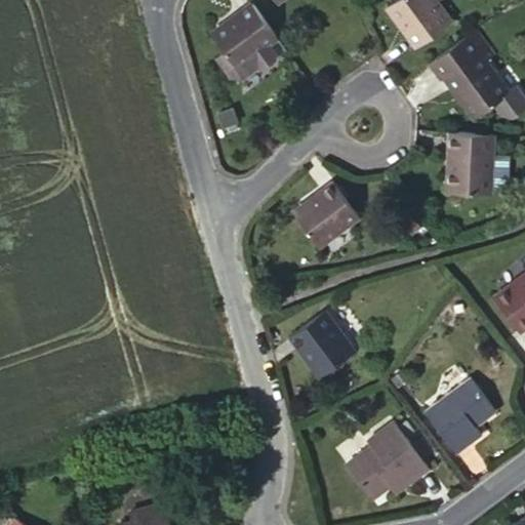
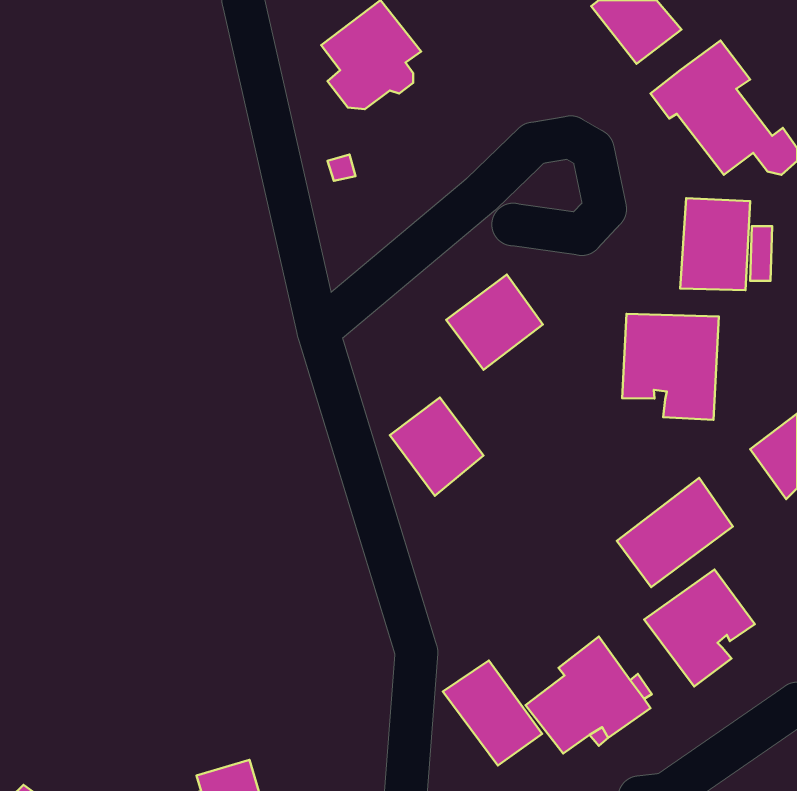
building: none -> [622,314,719,420]
building: [290,314,352,378] -> [390,398,483,496]
building: none -> [617,478,733,587]
building: none -> [443,660,542,766]

